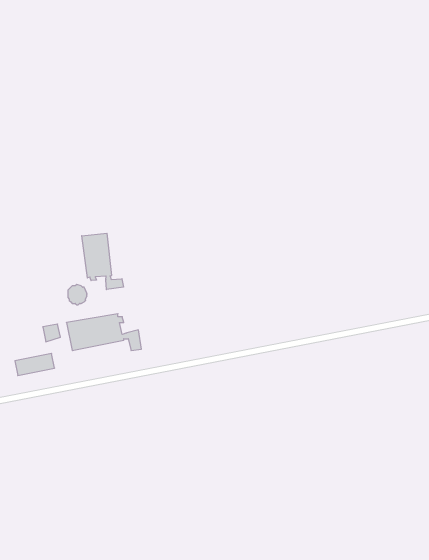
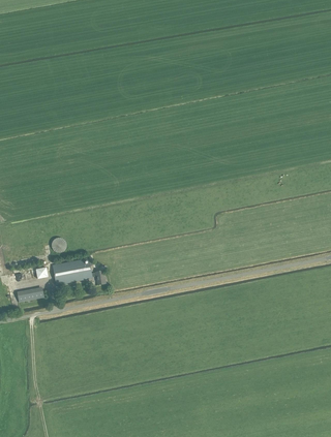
building: [82,233,123,290] -> none

